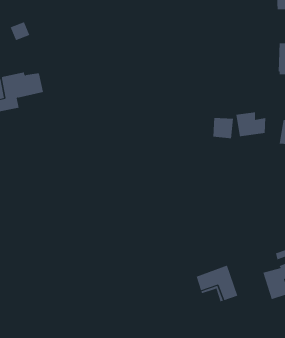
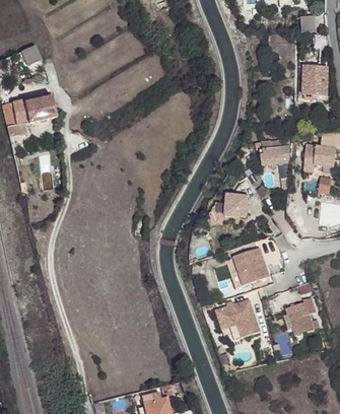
building: [213,117,234,139] -> [224,196,247,218]
building: none -> [230,247,269,287]

